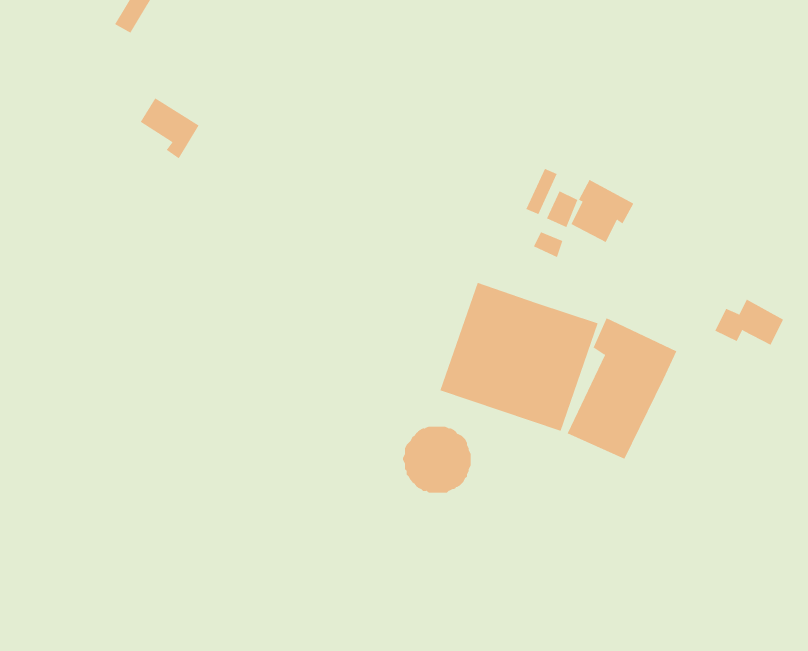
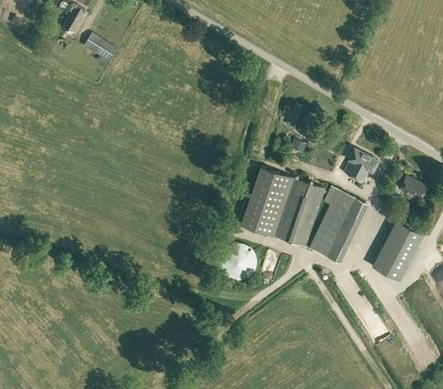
building: [140,97,200,159] -> [83,32,116,66]
building: [571,179,634,243] -> [344,148,378,182]
building: none -> [372,222,423,282]

